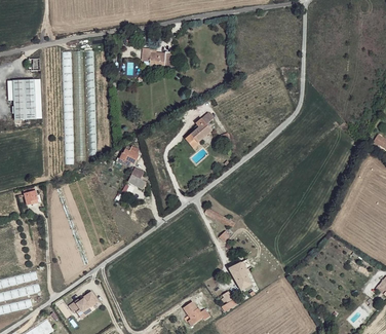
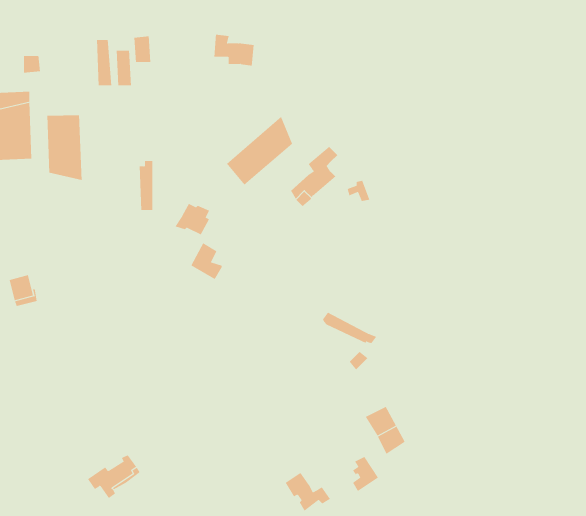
building: none -> [47,114,82,181]
building: none -> [226,116,293,186]

